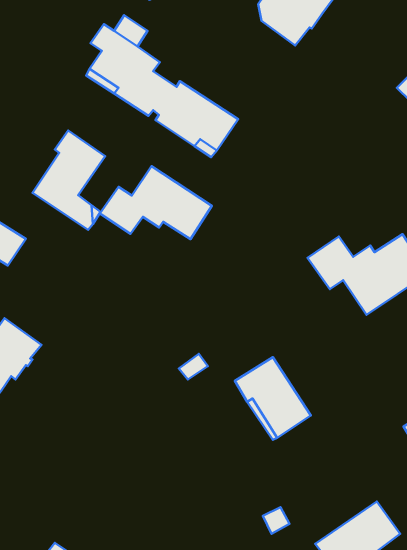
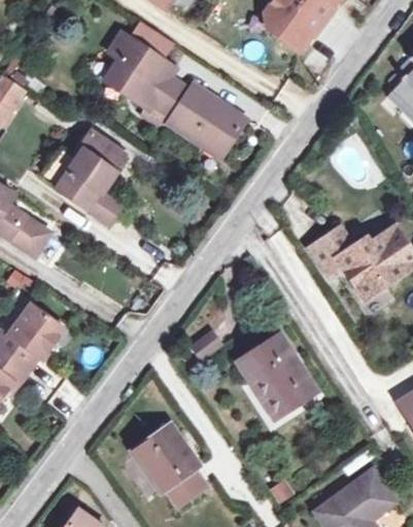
building: [100,166,212,239] -> none
building: none -> [132,424,206,505]

